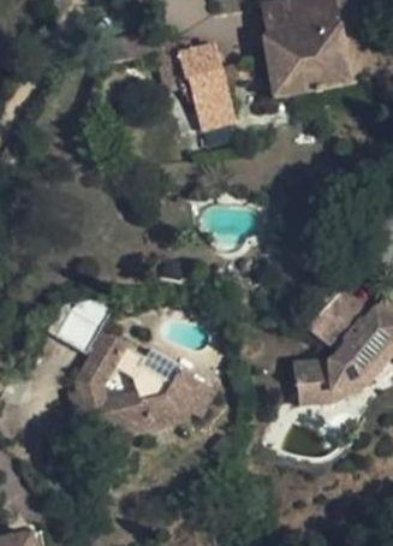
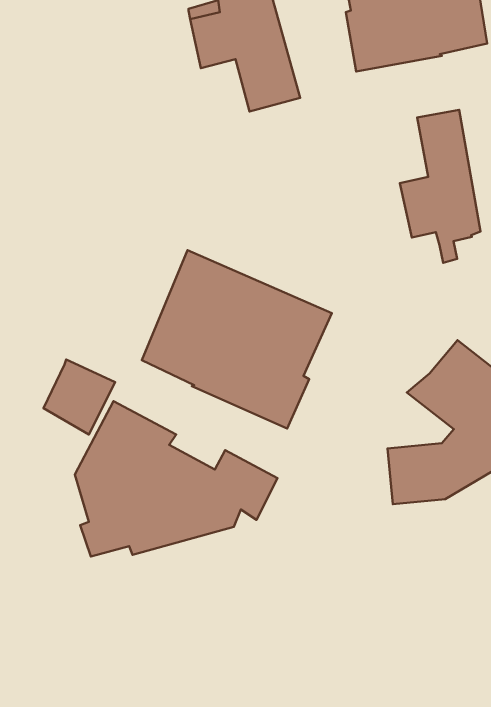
building: none -> [400,110,480,263]
building: none -> [142,250,332,429]

